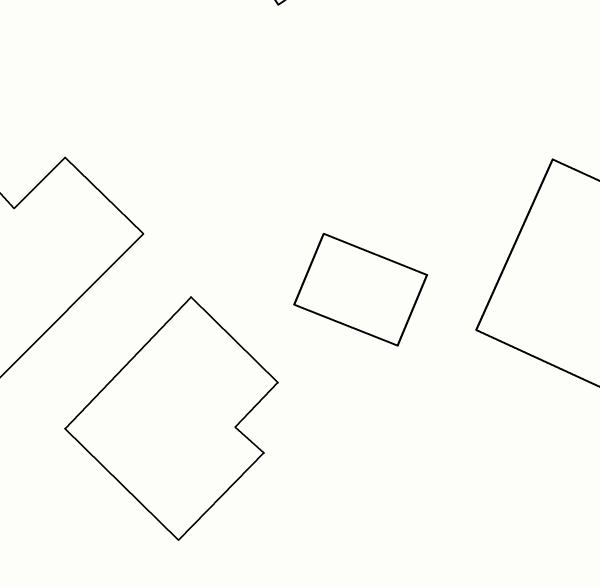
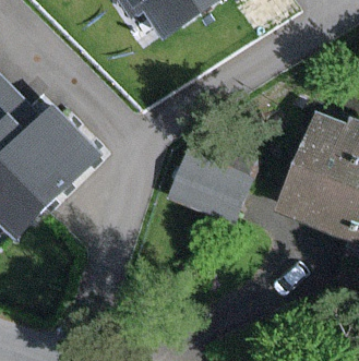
building: [65,297,278,540] -> none

